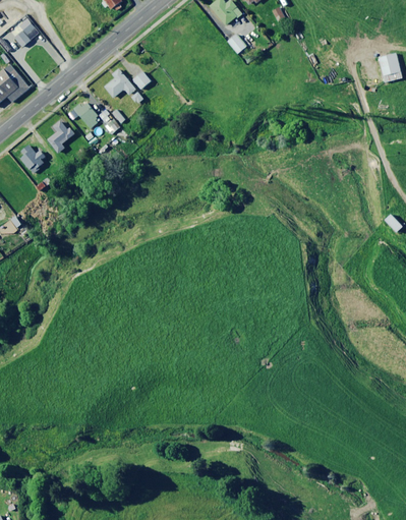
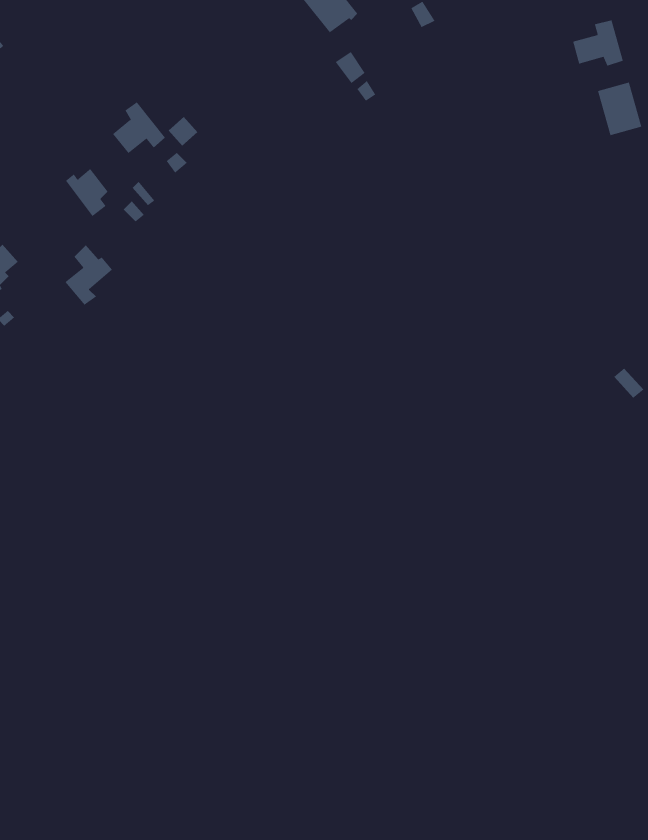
building: none -> [573,20,623,67]
building: [48,119,75,154] -> [64,244,113,306]

